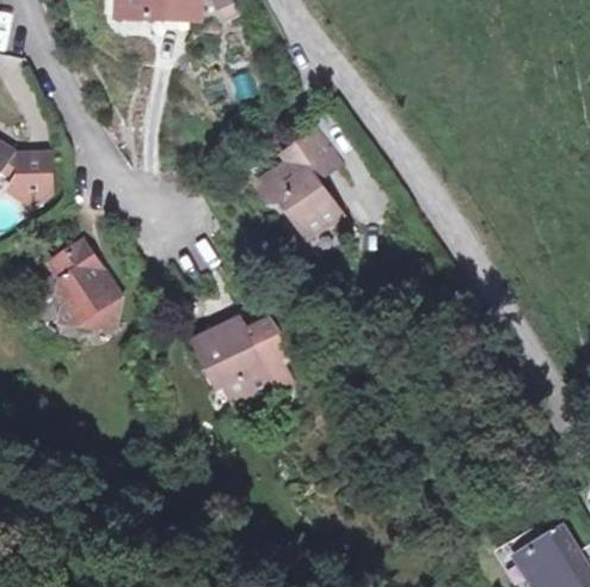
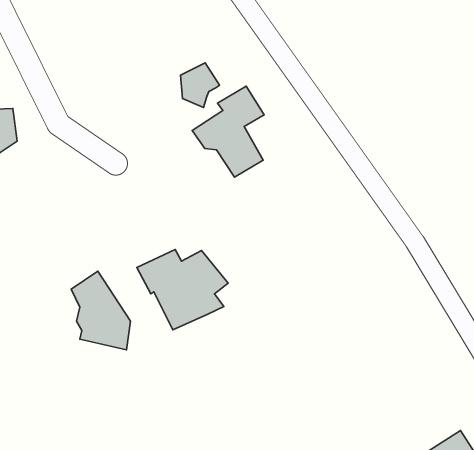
building: none -> [181,63,219,107]
building: [49,241,116,330] -> [71,271,131,350]

